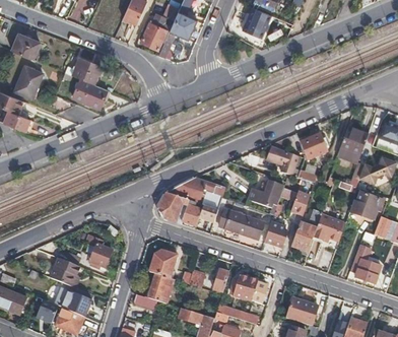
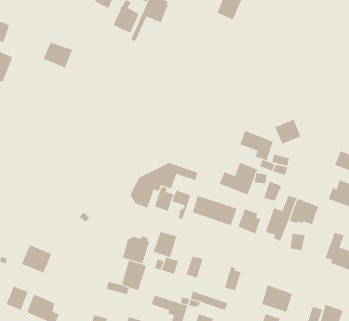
building: [72,78,106,107] -> none
building: [340,127,369,155] -> none
building: [86,234,112,267] -> none
building: [234,274,258,300] -> [153,231,178,258]
building: [59,291,92,316] -> none

